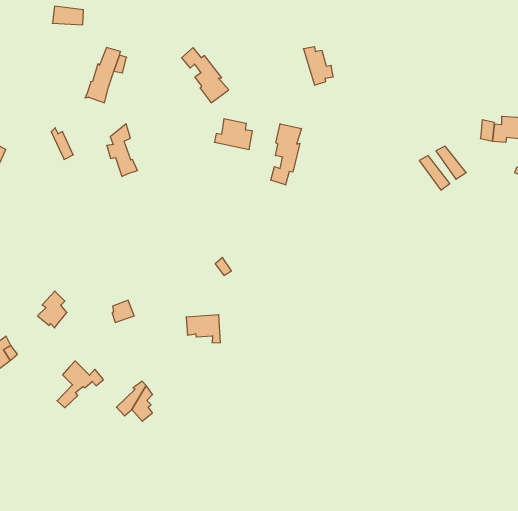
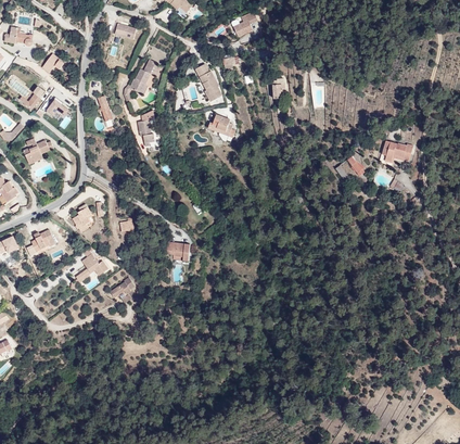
building: [271,124,301,185] -> none

